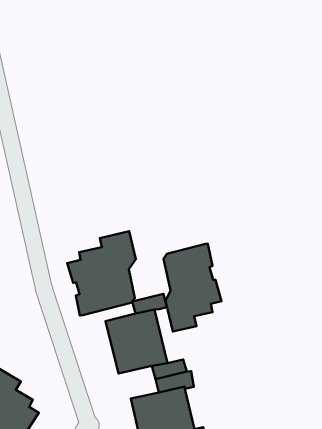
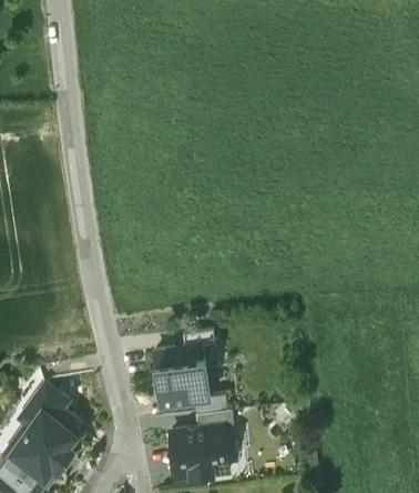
building: [67,231,136,316] -> none
building: [164,244,222,332] -> none

